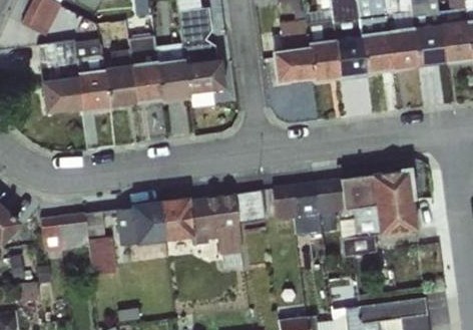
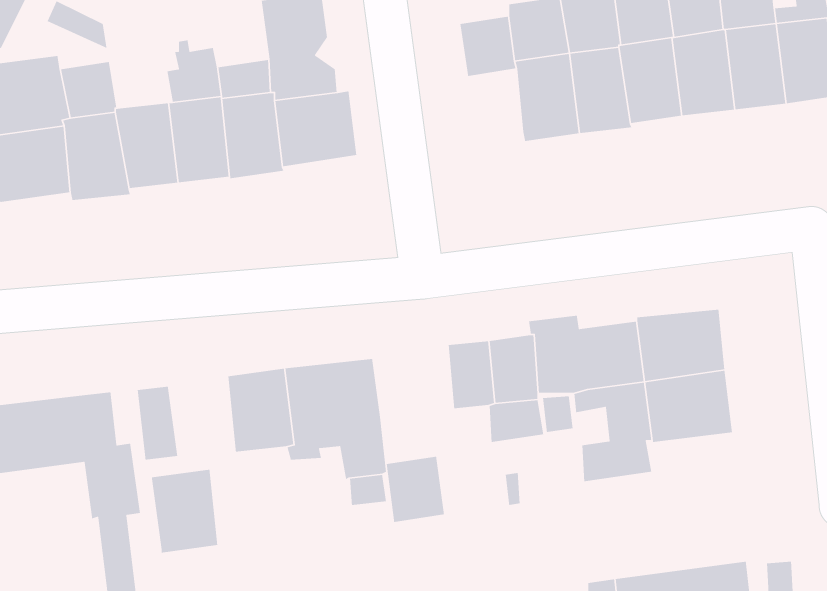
building: [271,46,311,83] -> none
building: [234,190,265,224] -> [386,456,445,523]
building: [130,203,164,246] -> [151,469,218,553]

